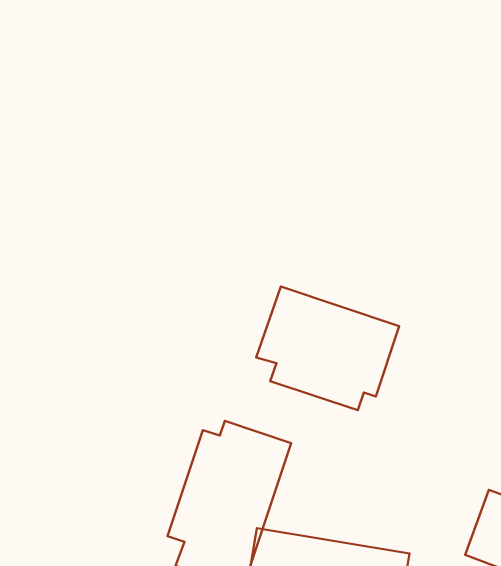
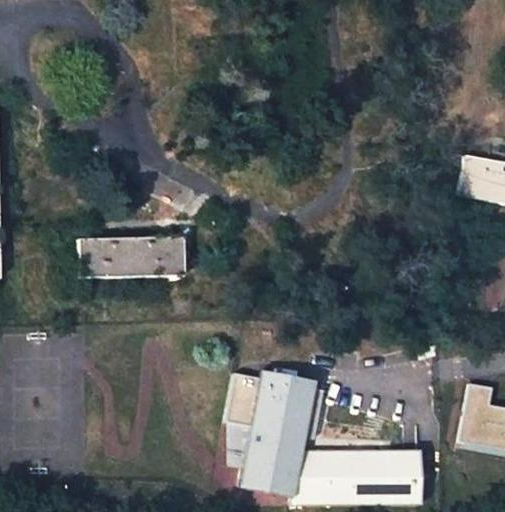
building: none -> [80,239,185,279]
building: [256,287,399,410] -> none

